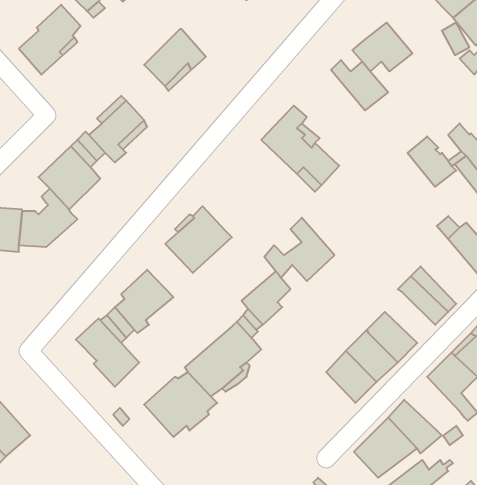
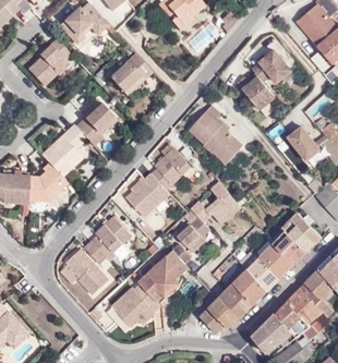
building: none -> [150,148,191,190]
building: none -> [273,231,306,265]
building: none -> [200,285,253,334]
building: none -> [286,288,323,324]

